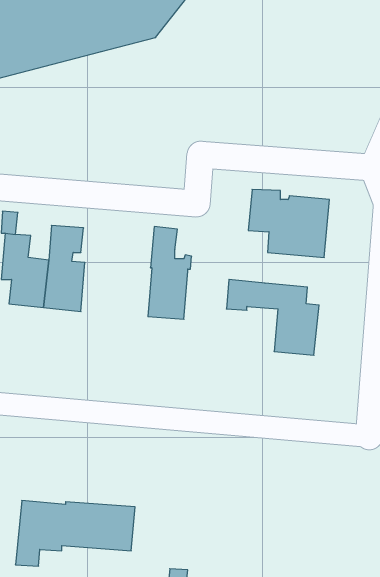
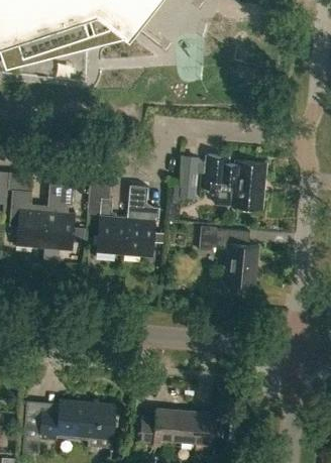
building: none -> [172,156,198,202]
building: none -> [88,181,128,254]
building: none -> [139,408,215,444]

